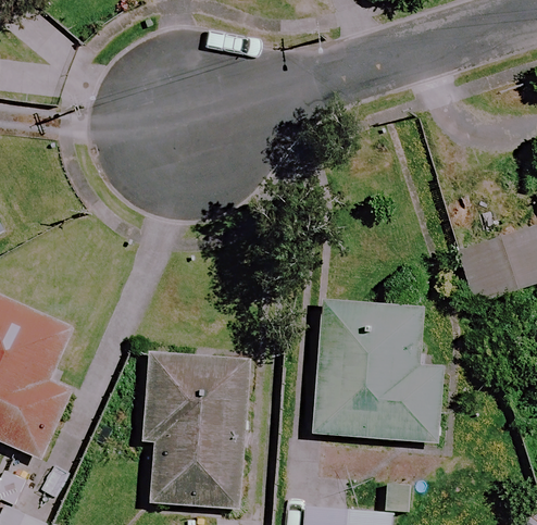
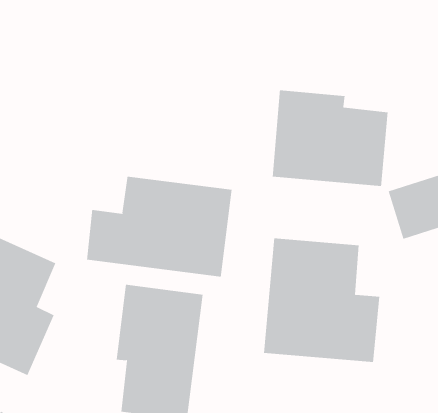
building: none -> [272,89,388,187]
building: none -> [86,176,232,278]

